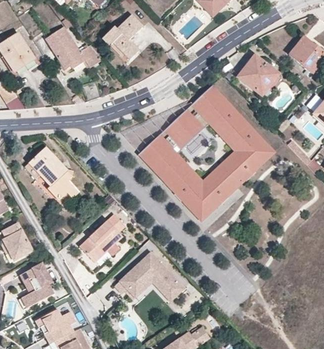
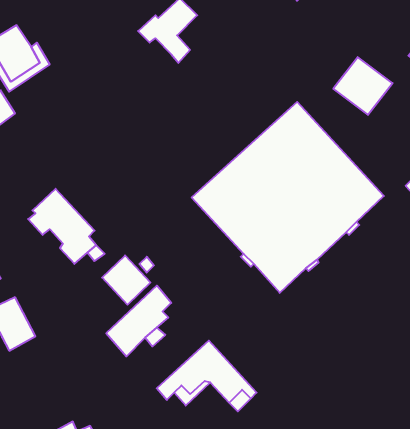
building: [46,27,103,70] -> none
building: none -> [102,255,150,305]
building: [18,261,53,307] -> none

